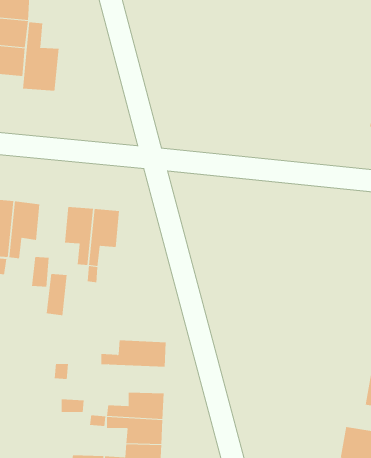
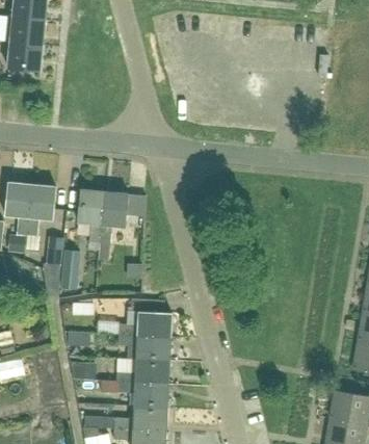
building: [22,22,59,91] -> none
building: none -> [118,334,170,360]

